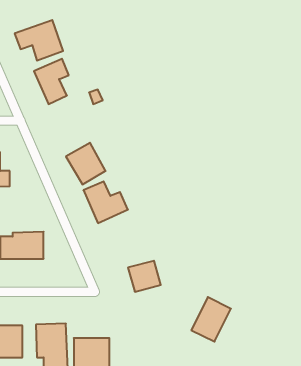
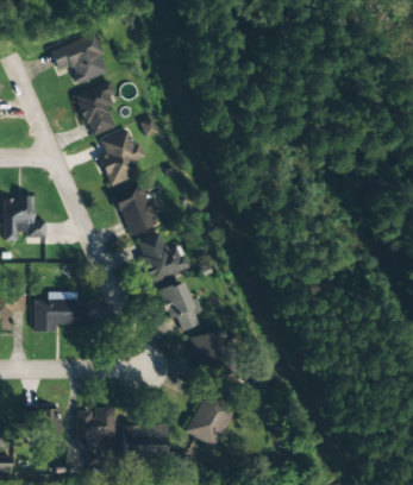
building: none -> [98,128,142,185]
building: none -> [158,281,199,330]
building: [191,297,231,342] -> [186,391,234,446]

